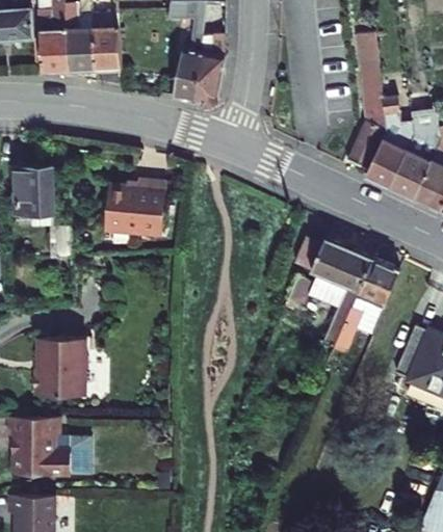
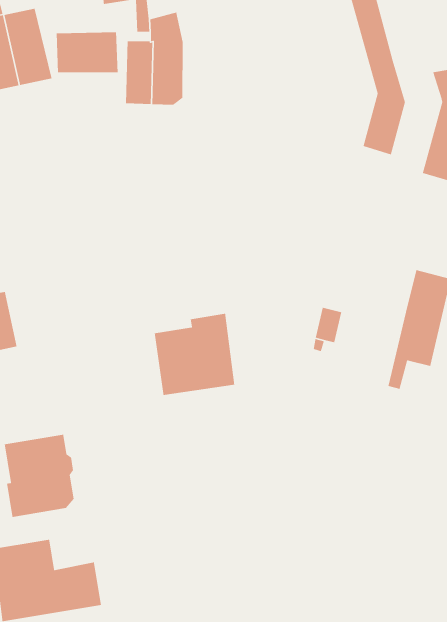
building: none -> [56,31,118,73]
building: [366,96,414,188] -> none
building: [96,184,154,240] -> [154,313,235,396]
building: [295,238,373,345] -> none

